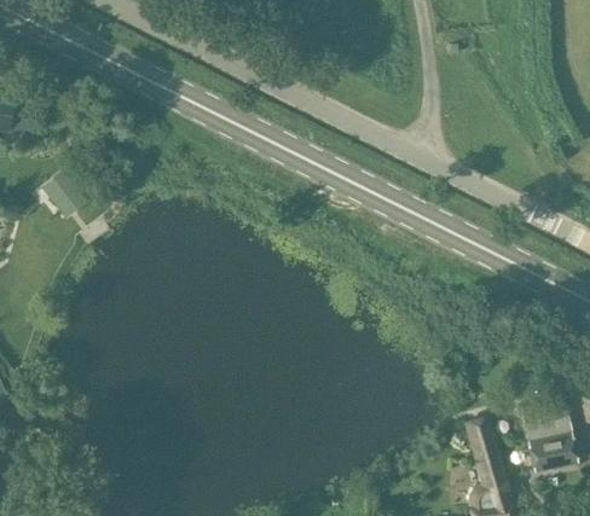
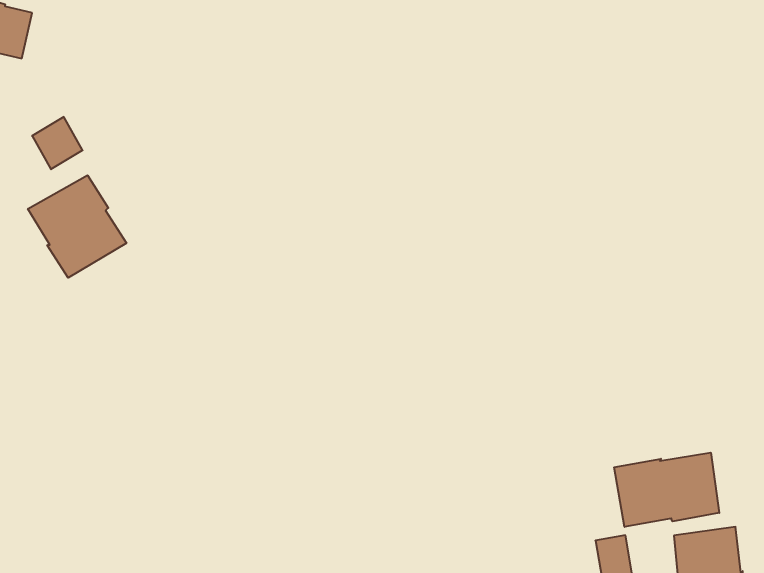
building: none -> [28,175,126,278]
building: none -> [614,453,719,527]

